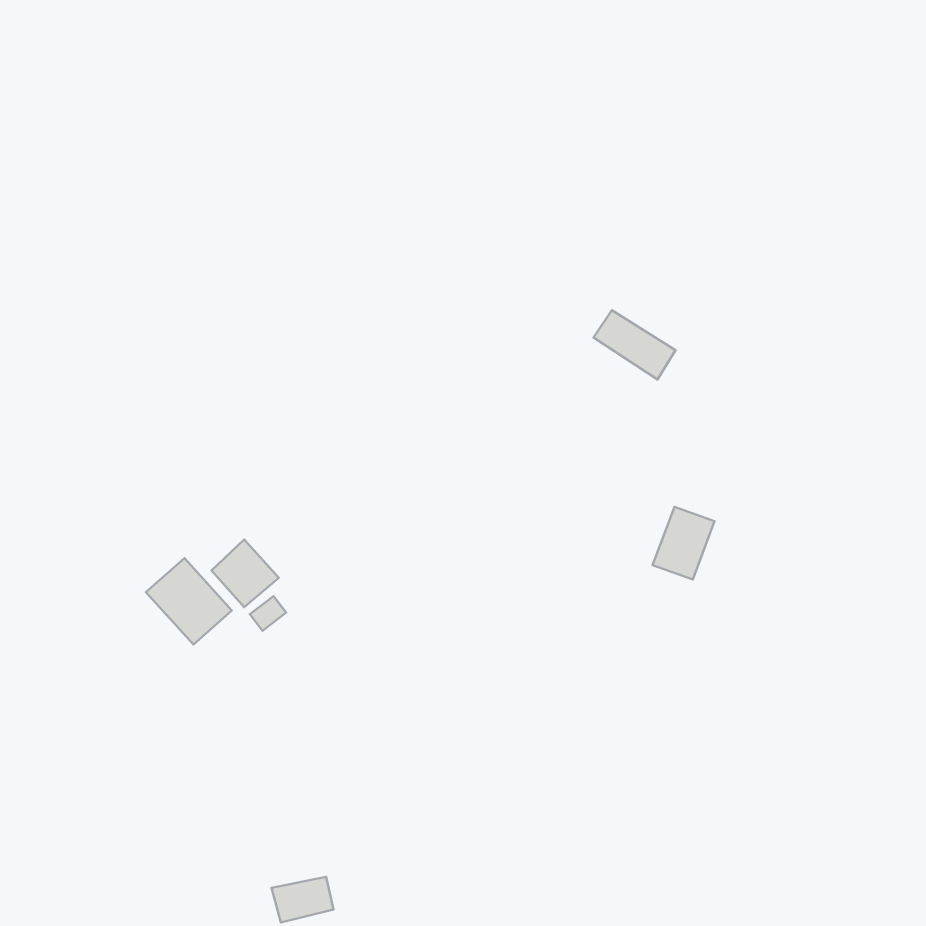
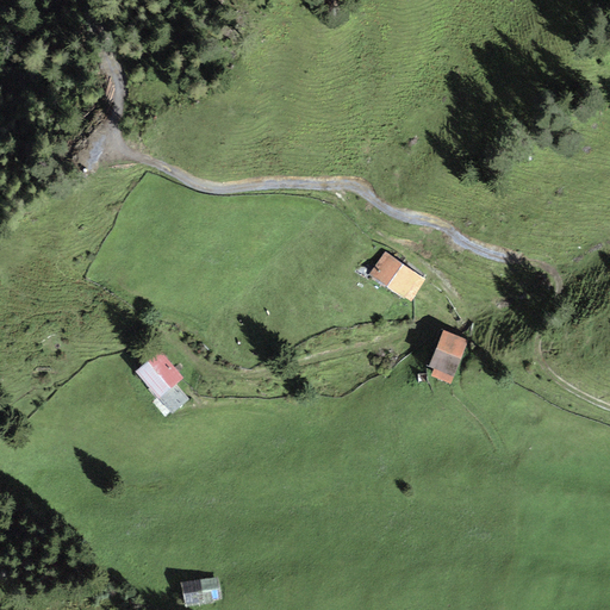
building: [594,310,676,379] -> [372,253,425,298]
building: [146,558,232,645] -> none

